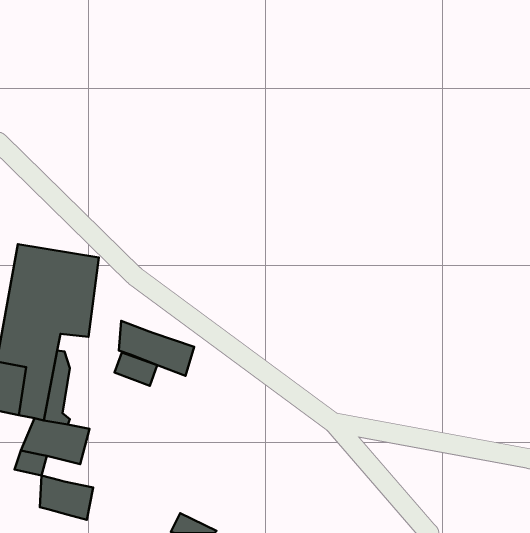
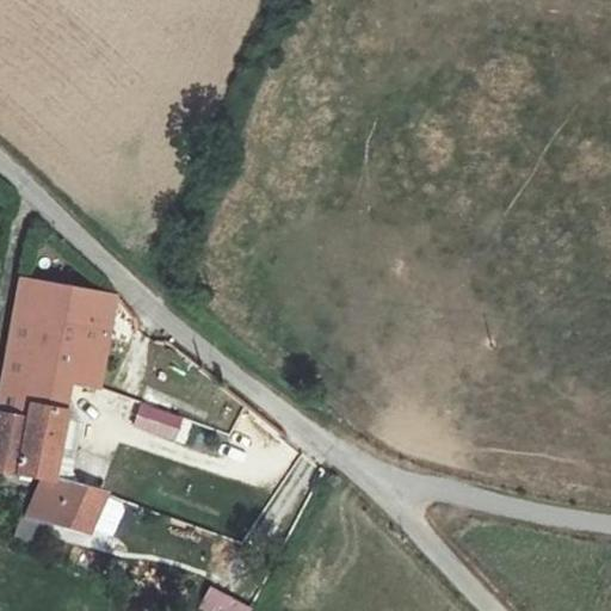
building: [119,321,194,376] -> none
building: [40,476,93,520] -> none

